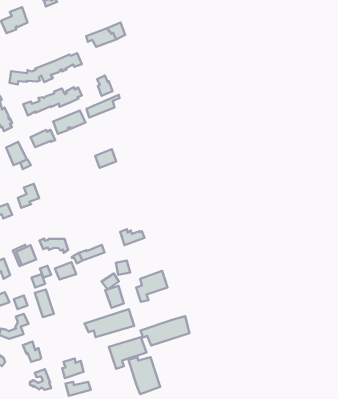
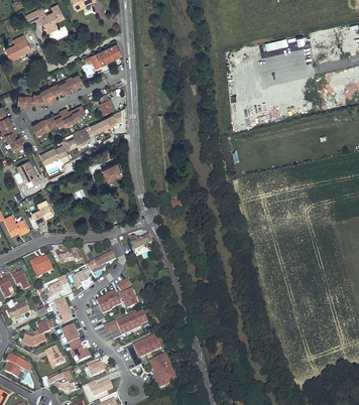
building: [136,271,168,302] -> [92,290,121,320]
building: [140,316,190,346] -> none
building: none -> [62,322,90,362]

